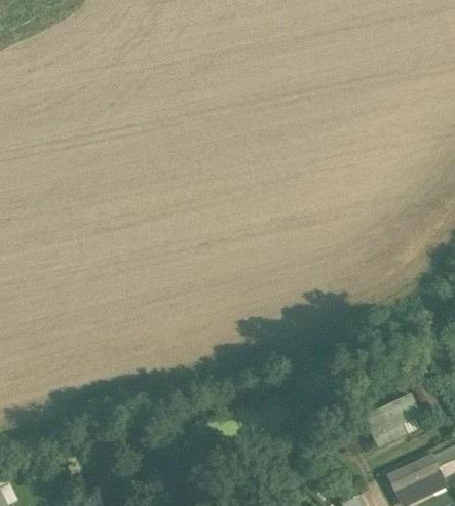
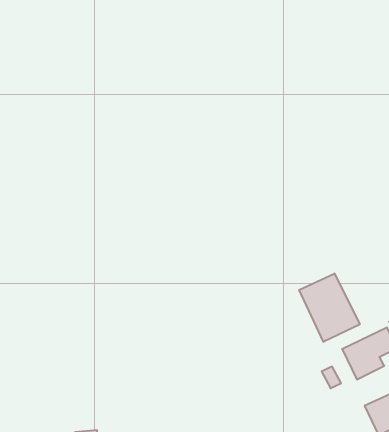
building: none -> [299,273,360,342]

